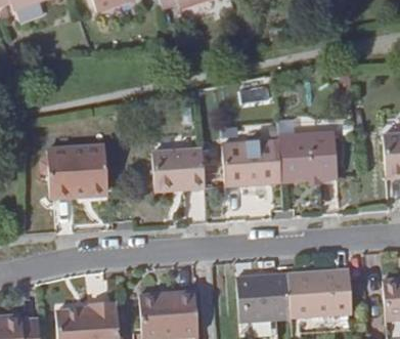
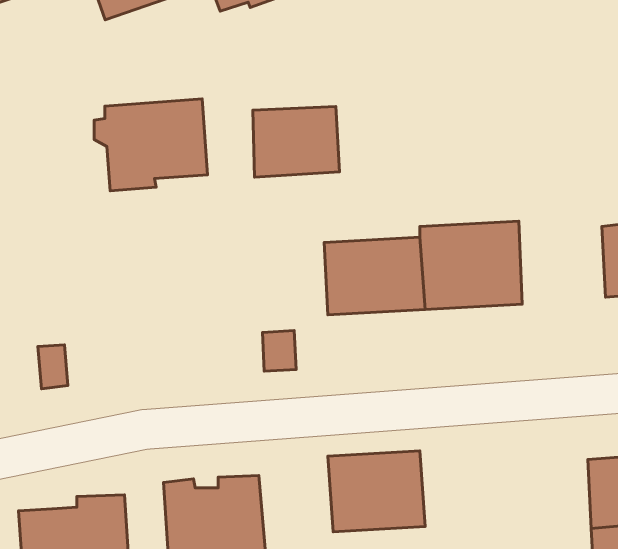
building: [43,146,108,200] -> [94,99,207,191]
building: [155,152,206,193] -> [253,107,339,177]
building: [279,261,344,310] -> none

